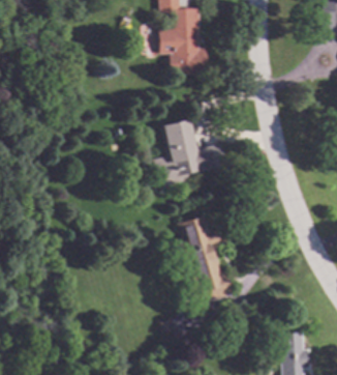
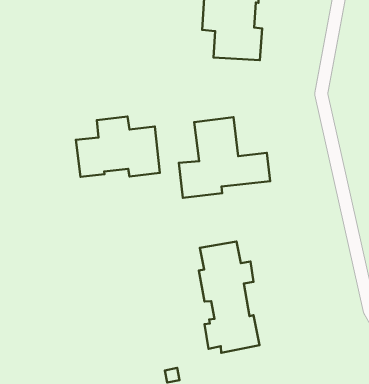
building: none -> [76,116,160,177]

